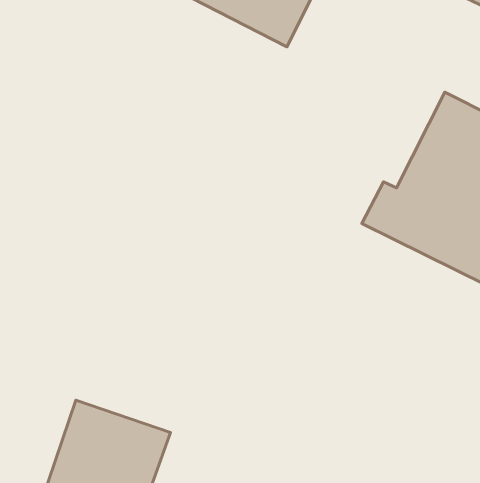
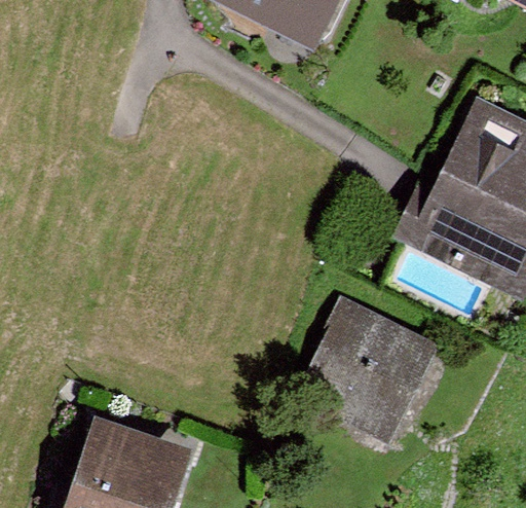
building: none -> [295,295,442,444]

